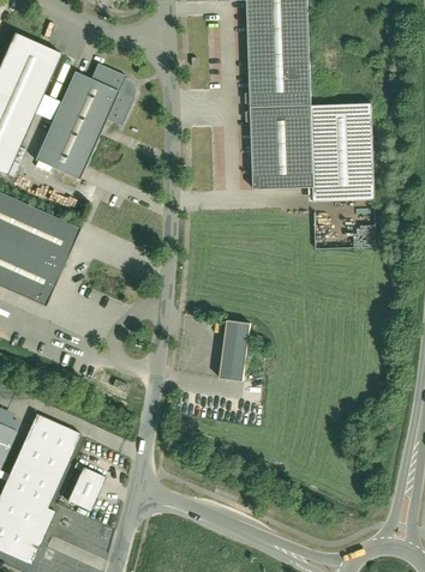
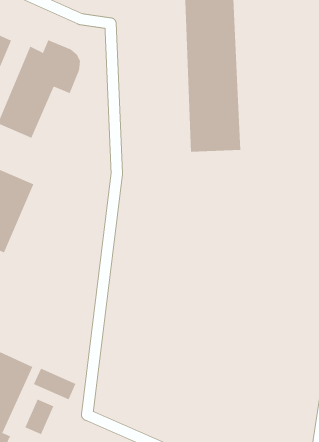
building: [311,106,375,203] -> none
building: [220,323,250,380] -> none
building: none -> [33,368,76,400]

